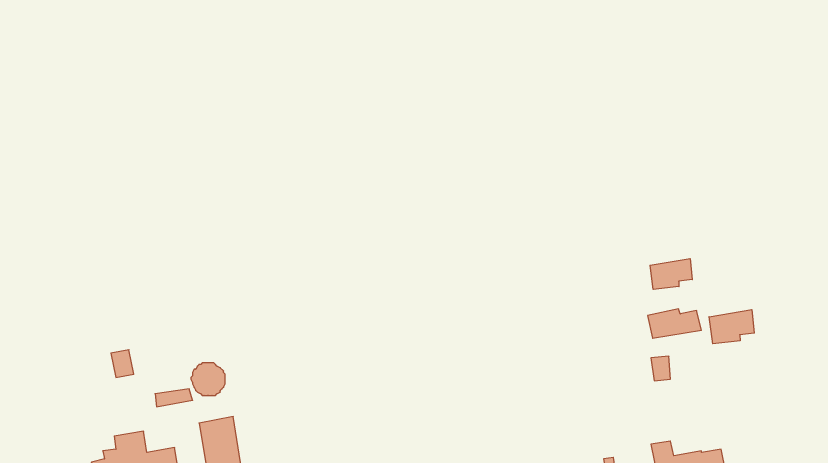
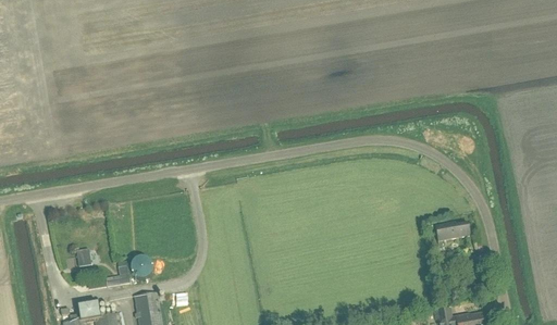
building: [650,259,692,289] -> none
building: [709,310,754,344] -> none

